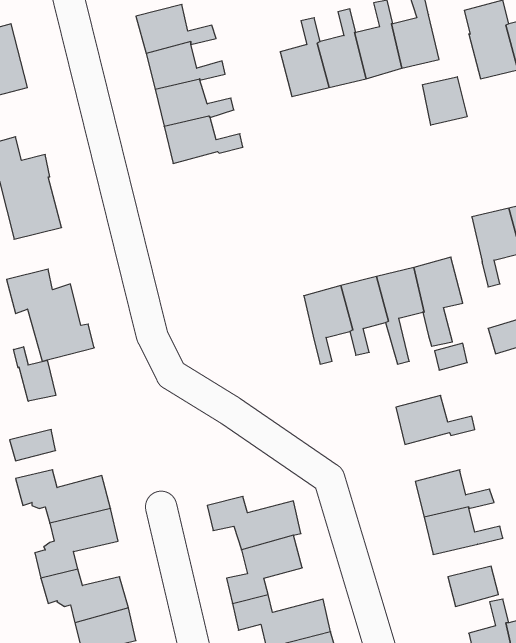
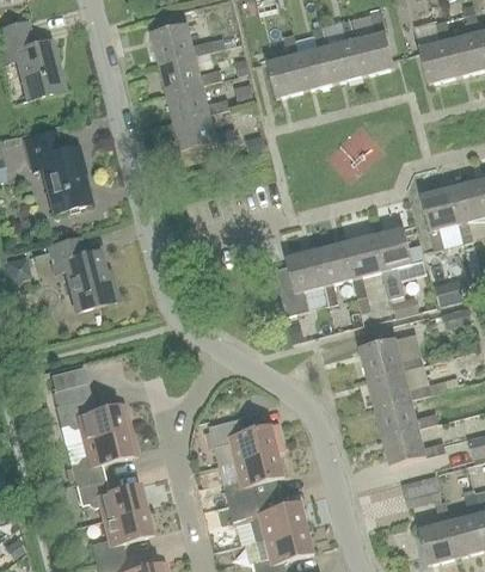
building: [423,77,467,125] -> none
building: [14,347,56,401] -> none
building: none -> [368,367,449,406]

